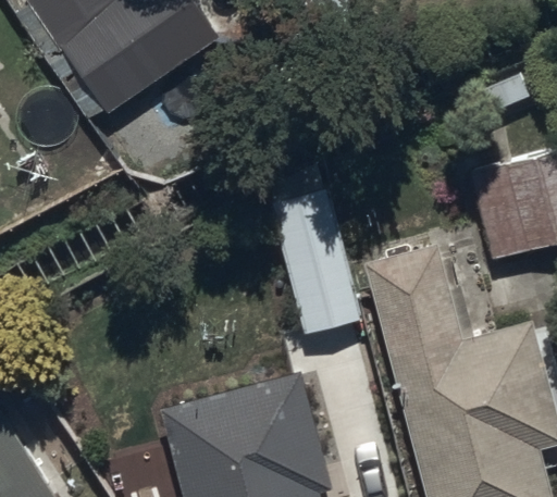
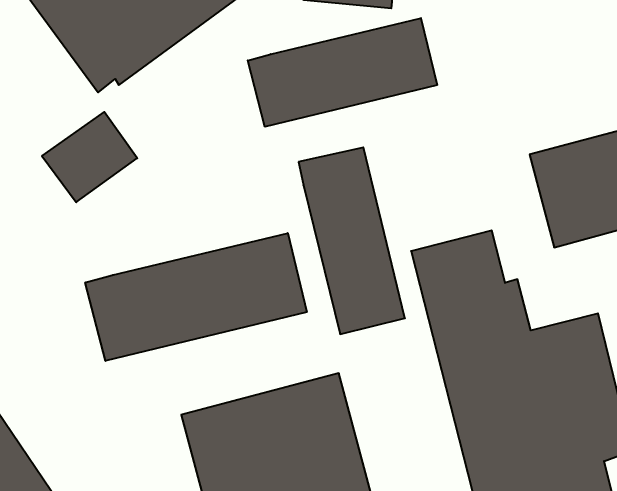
building: none -> [248,18,437,127]
building: none -> [85,233,307,361]

